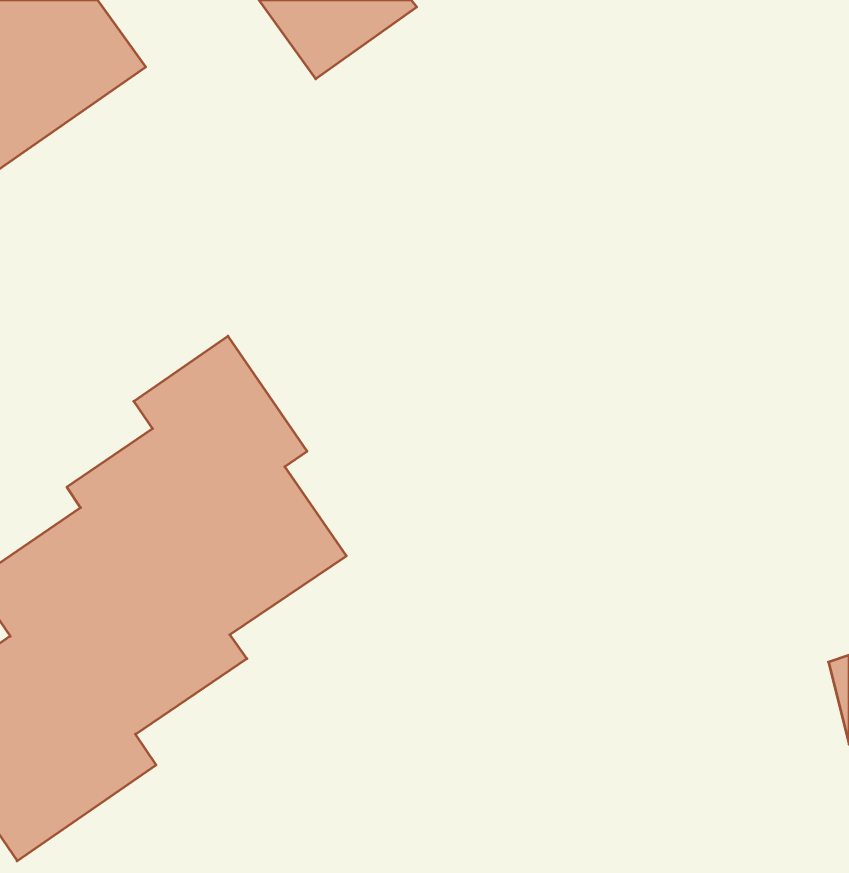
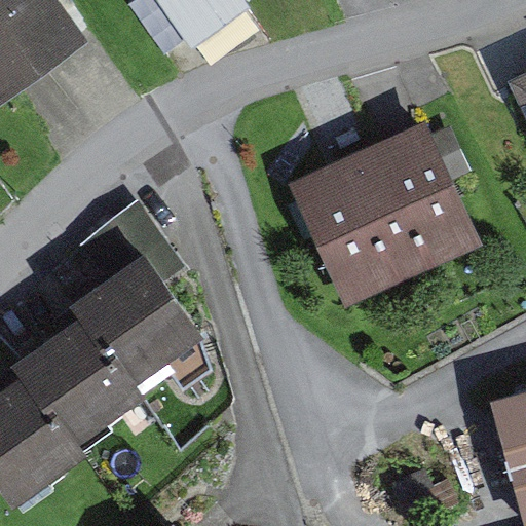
building: none -> [291,119,485,305]

